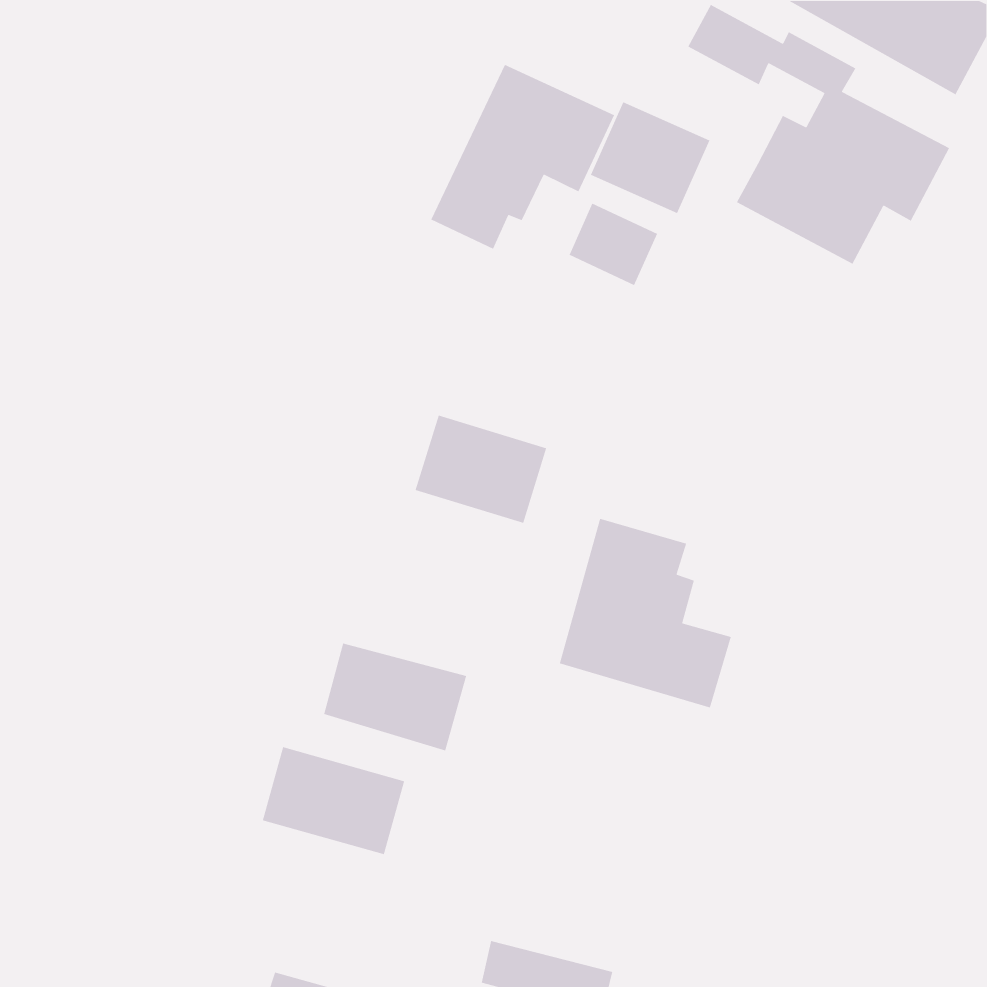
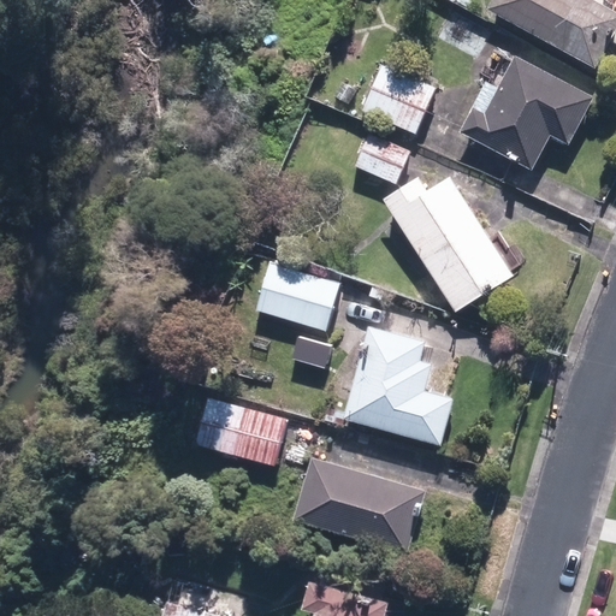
building: [430,64,615,250] -> none
building: none -> [391,182,517,315]
building: none -> [295,458,425,552]
building: [262,746,405,855] -> none

